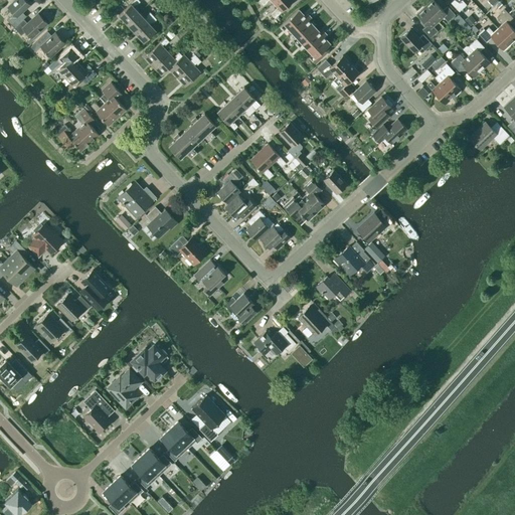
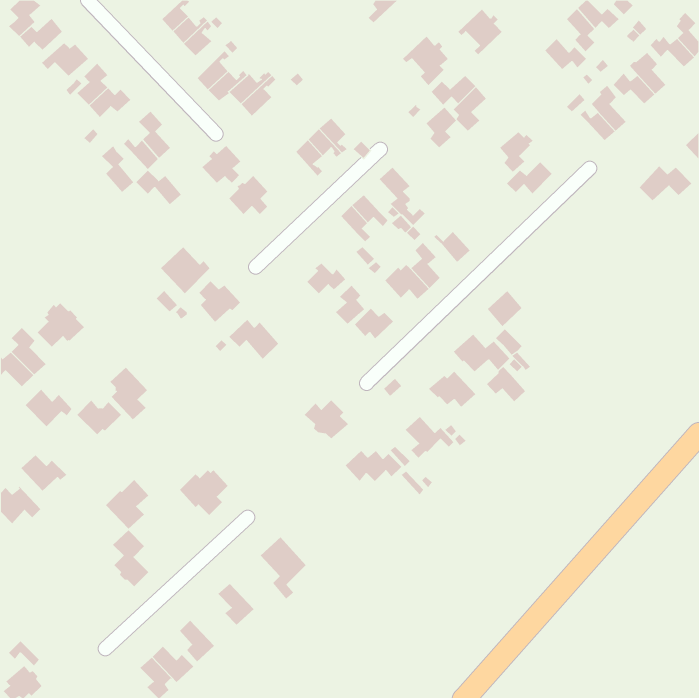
building: [281,10,314,44] -> [458,9,503,55]
building: [352,81,375,112] -> [425,107,457,148]
building: [186,114,215,142] -> [202,145,241,184]
building: [55,125,90,151] -> [135,170,182,205]
building: [218,169,242,205] -> none
building: [193,261,224,297] -> none
building: none -> [486,366,526,402]
building: [35,314,70,342] -> [25,389,73,427]
building: [108,370,140,407] -> [105,479,149,530]
building: [169,421,202,449] -> none
building: [140,449,171,476] -> none

